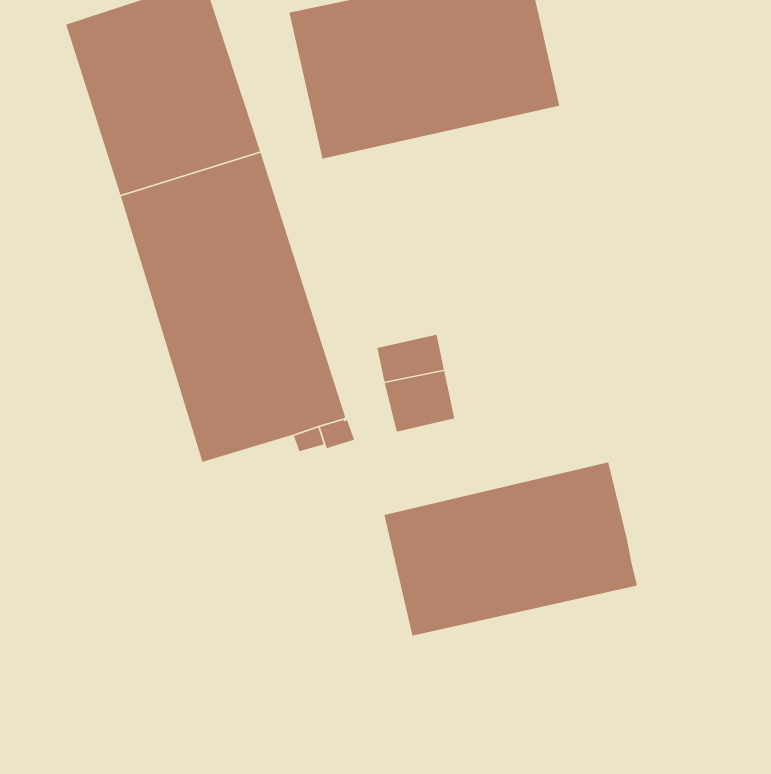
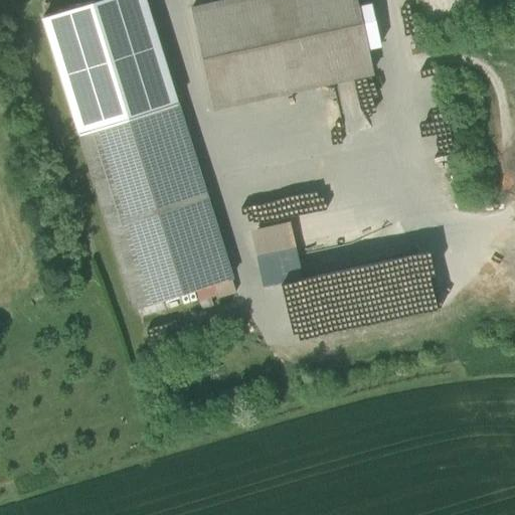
building: [384,462,638,637] -> none

